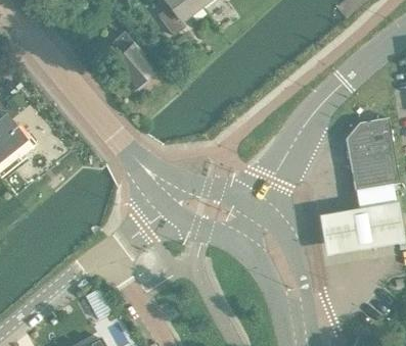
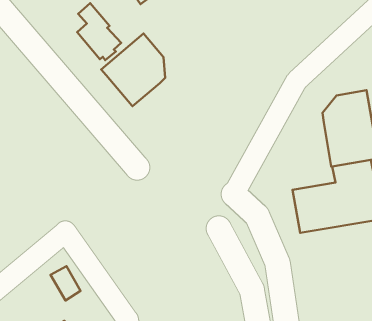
building: none -> [101,34,165,106]

